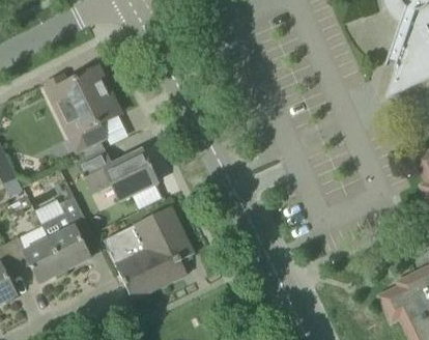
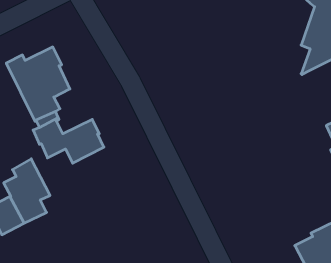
building: [103,205,194,300] -> none

